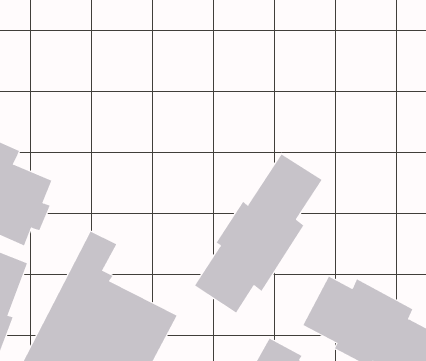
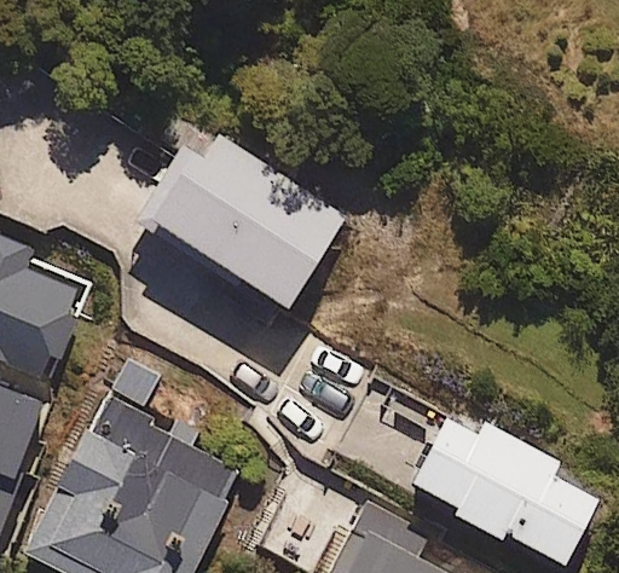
building: none -> [132,135,347,309]
building: [194,153,323,313] -> none

